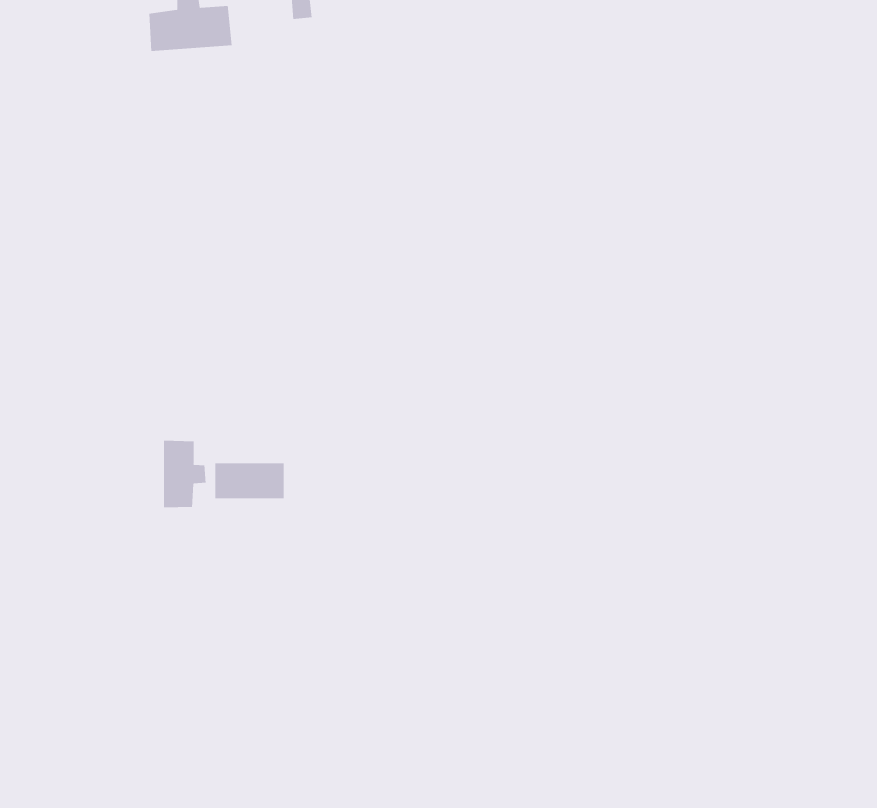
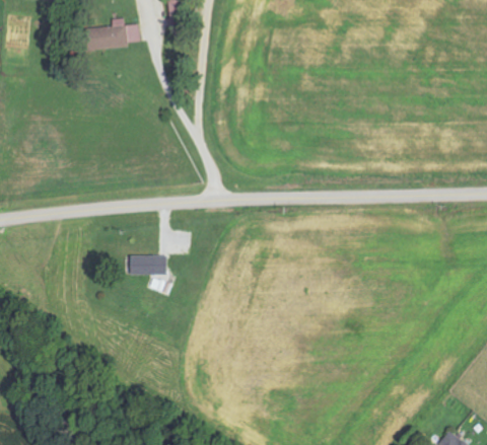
building: [164,440,206,508] -> none

